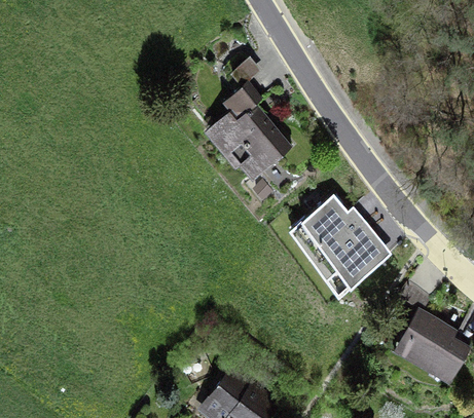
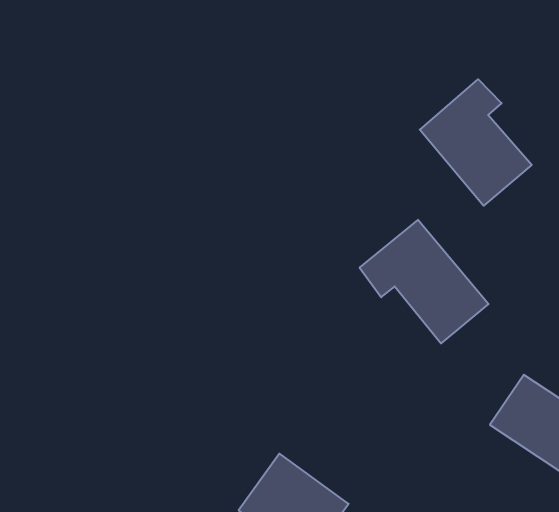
building: [208,80,296,186] -> none
building: none -> [420,79,532,206]

